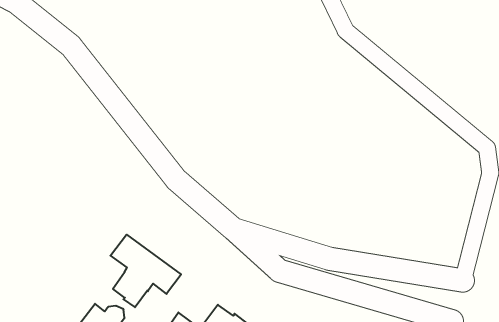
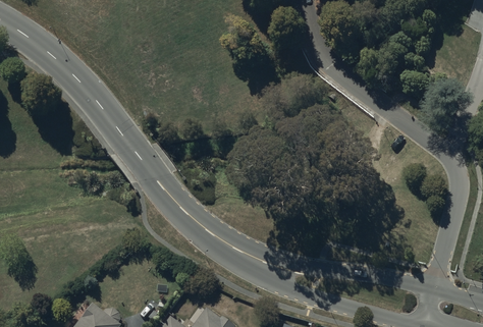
building: [110,235,181,307] -> none

